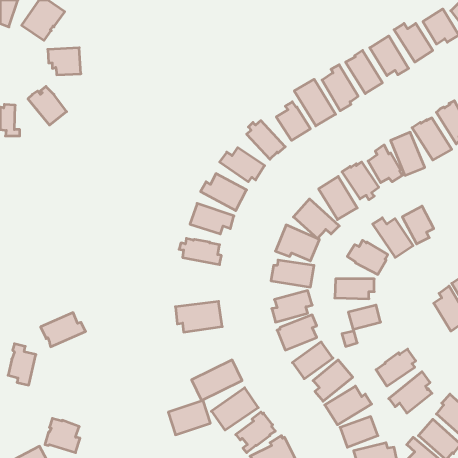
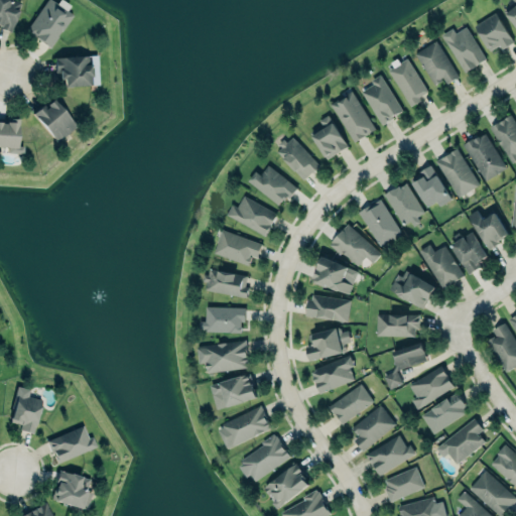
building: none -> [469,212,510,250]
building: none -> [201,306,247,333]
building: [41,313,86,347] -> [47,425,98,464]
building: none -> [409,368,455,409]
building: [168,401,210,435] -> [211,374,258,412]

